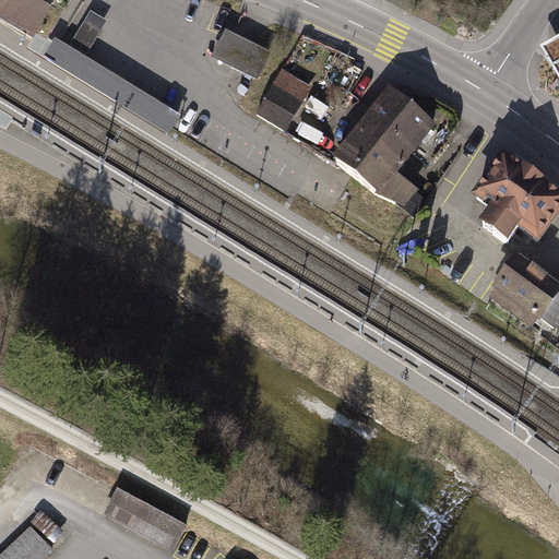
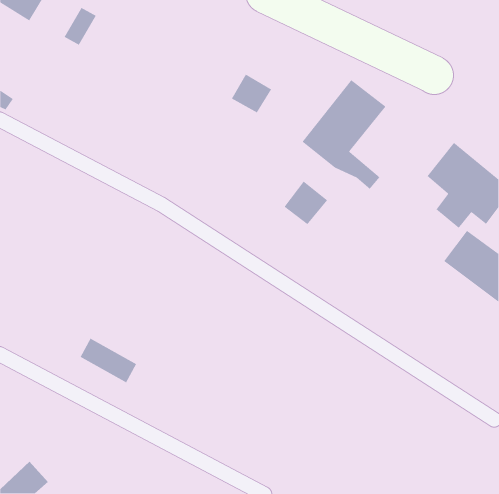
building: [213,27,270,74] -> none
building: none -> [283,181,328,225]
building: [112,490,177,542] -> [79,338,137,384]

